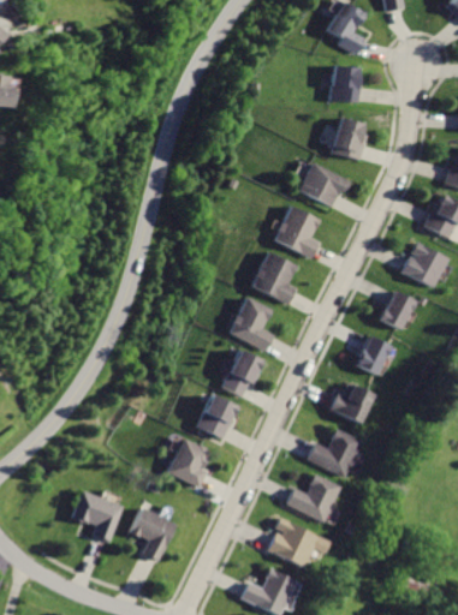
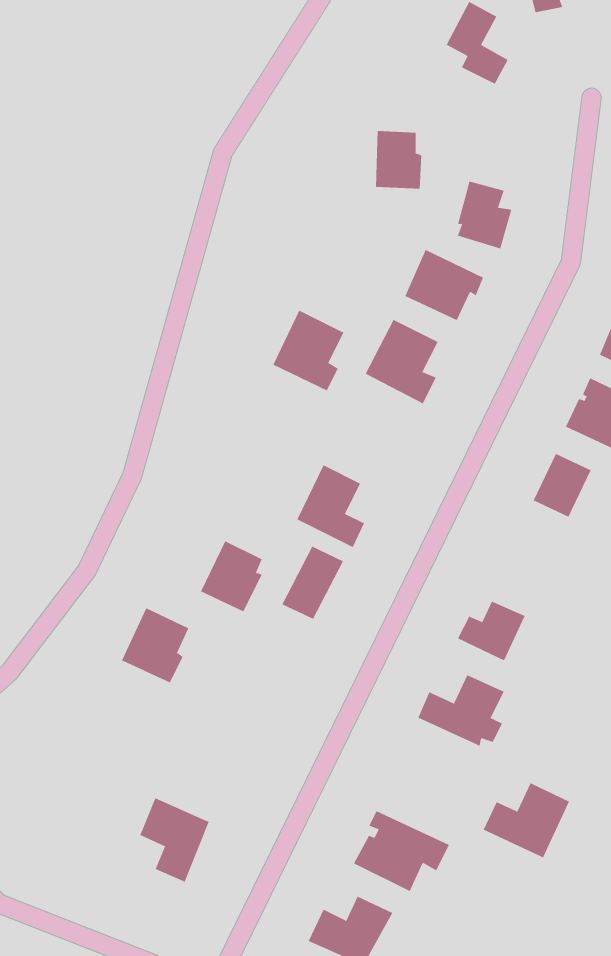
building: [329,64,359,101] -> [375,130,422,189]
building: [254,251,299,303] -> [272,310,344,391]
building: [361,335,395,375] -> none
building: [194,393,233,438] -> [200,540,263,612]
building: [166,437,209,485] -> [121,608,189,683]
building: [286,474,341,523] -> [483,783,570,858]
building: [70,490,121,542] -> none

